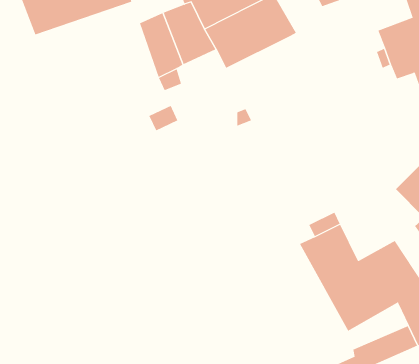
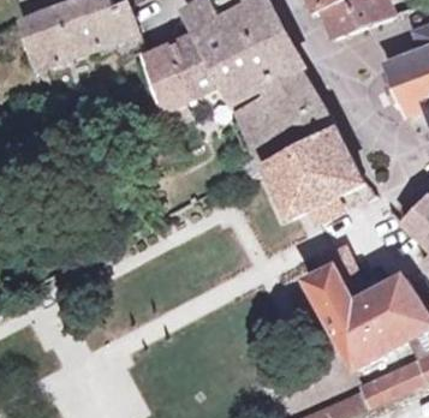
building: none -> [231,68,320,139]
building: none -> [262,126,361,220]

